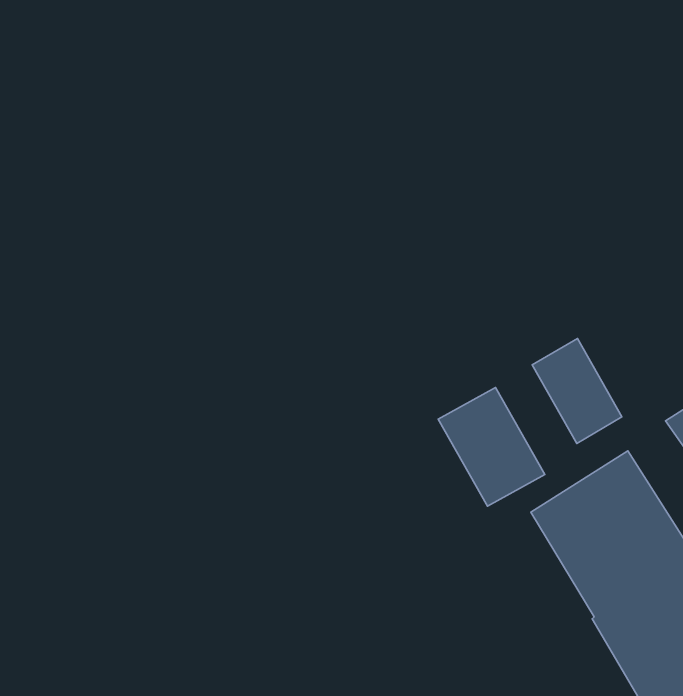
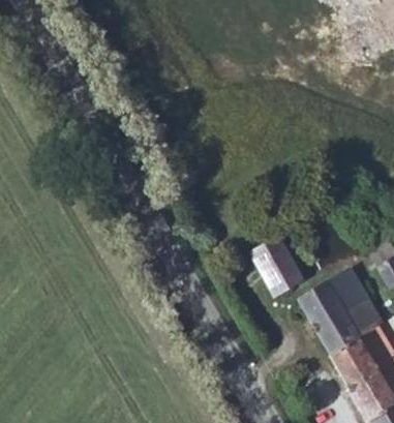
building: [532,338,622,443] -> none

